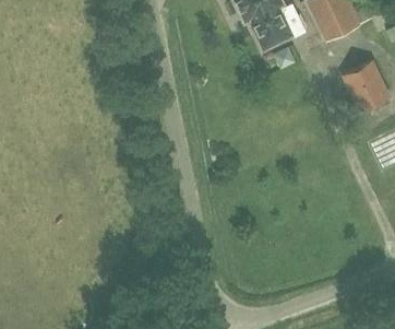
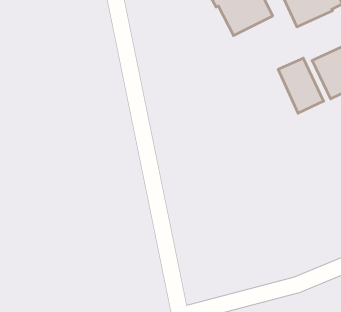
building: none -> [278,58,324,113]

